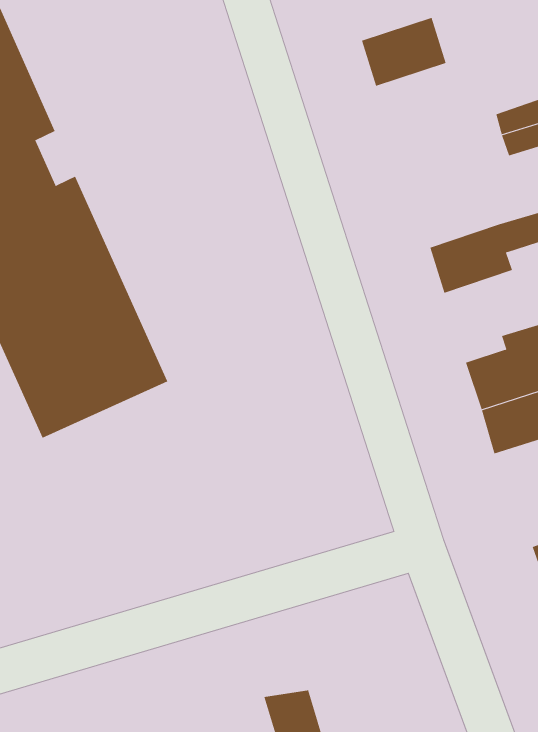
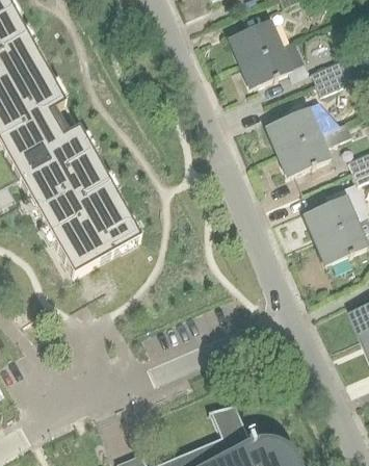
building: none -> [241,41,305,86]
building: none -> [268,108,317,149]

